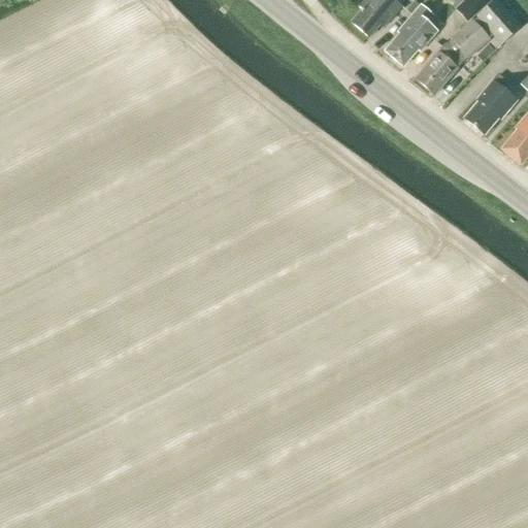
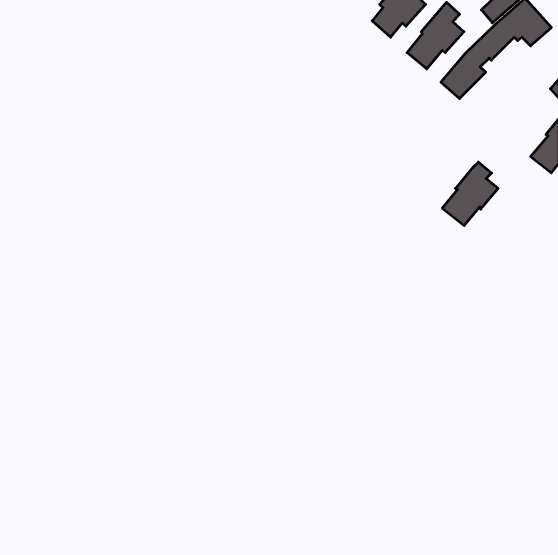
building: [464,73,517,133] -> [442,162,498,226]

